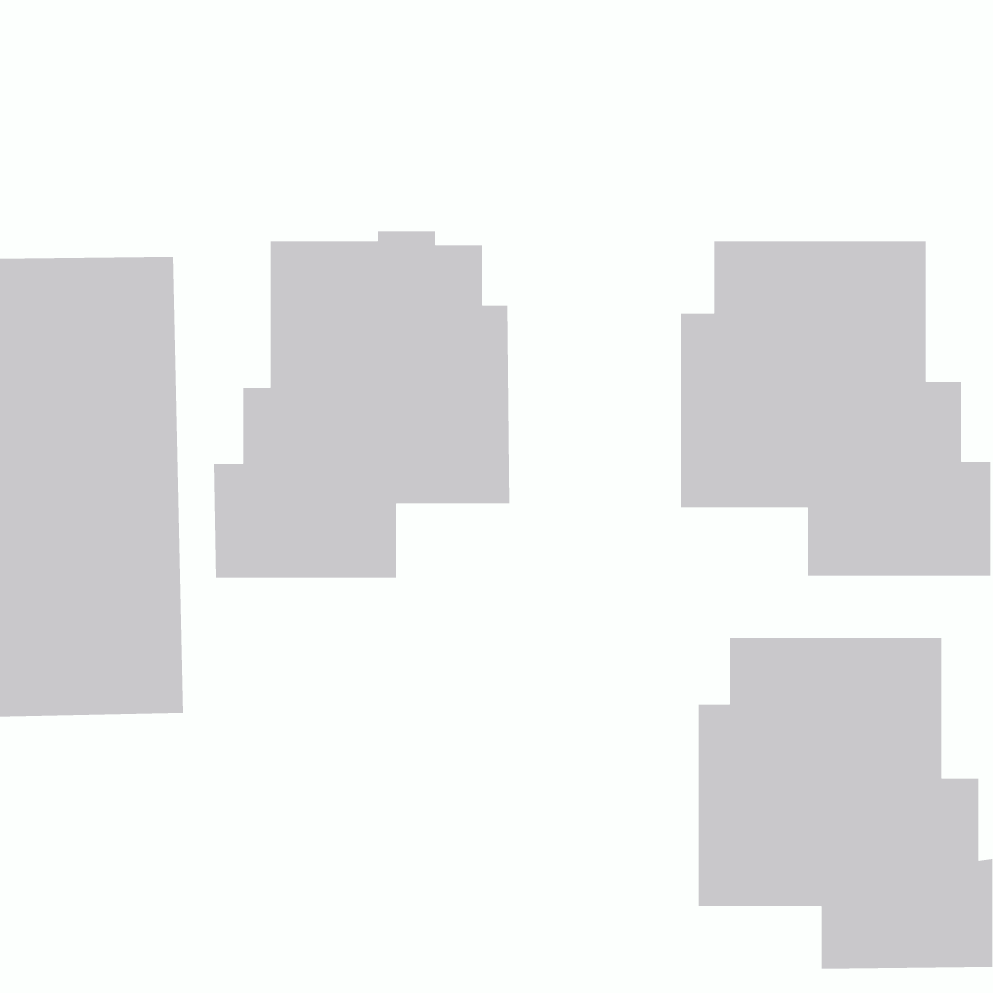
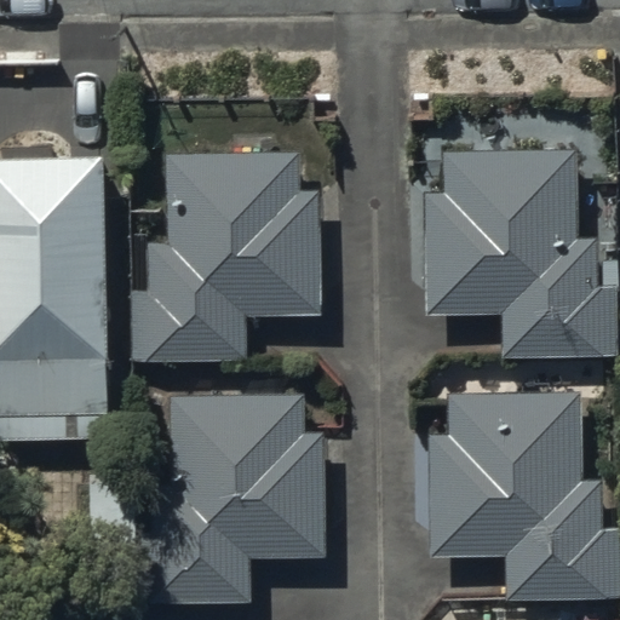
building: none -> [142,398,326,605]

